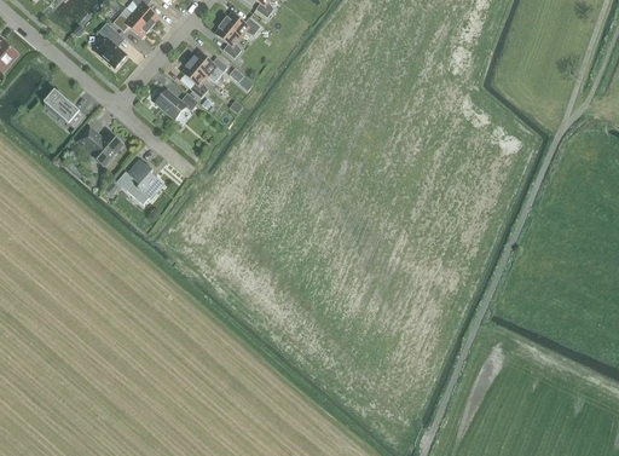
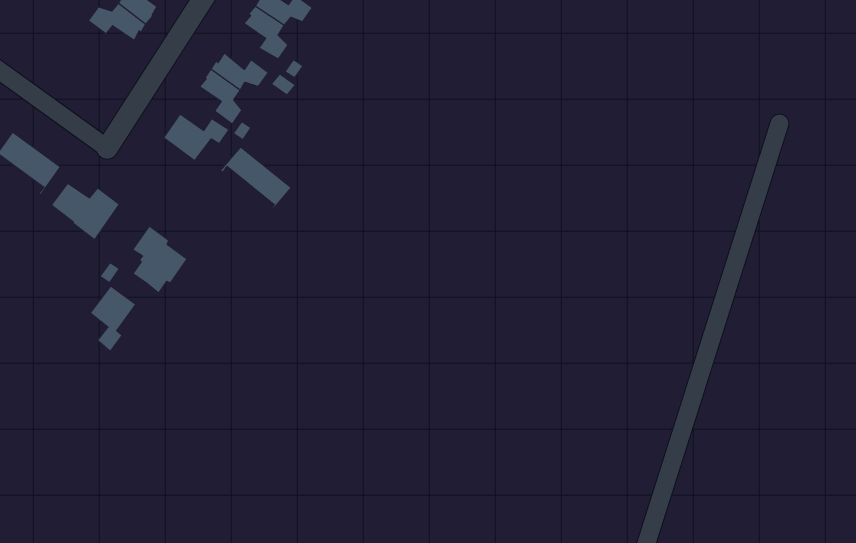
building: [94,21,126,67] -> none
building: none -> [220,147,294,209]
building: none -> [90,286,136,351]

